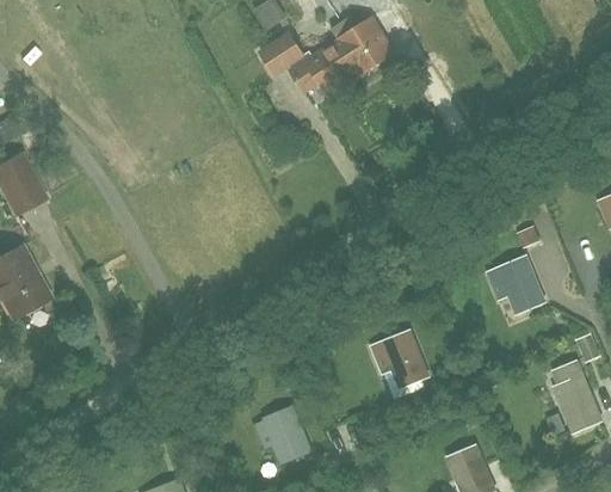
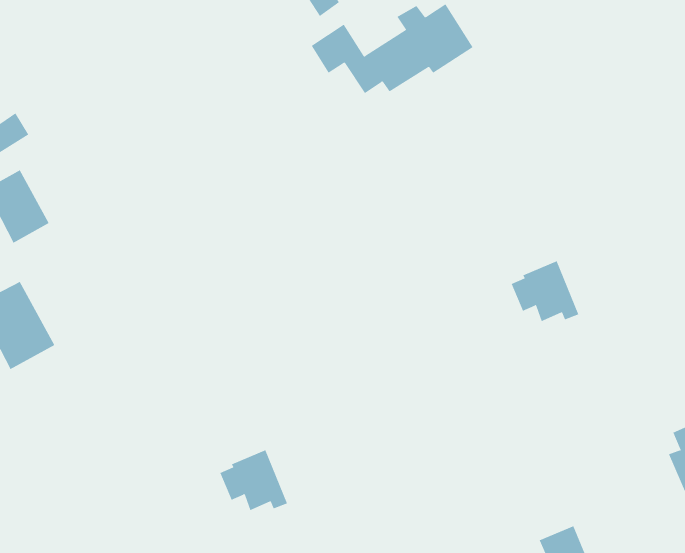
building: [488,258,544,308] -> [511,261,579,322]
building: [371,332,427,382] -> none
building: [254,407,310,457] -> [219,450,288,511]

